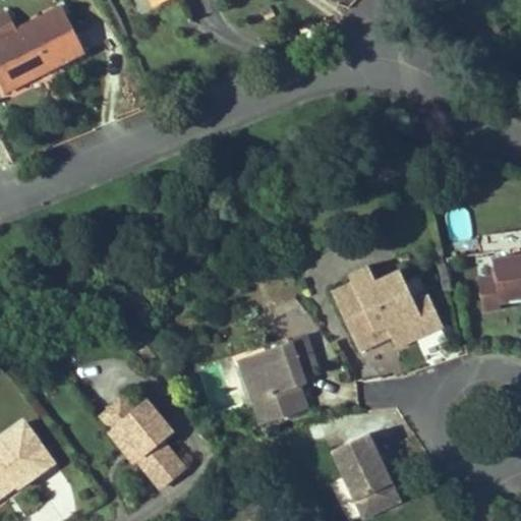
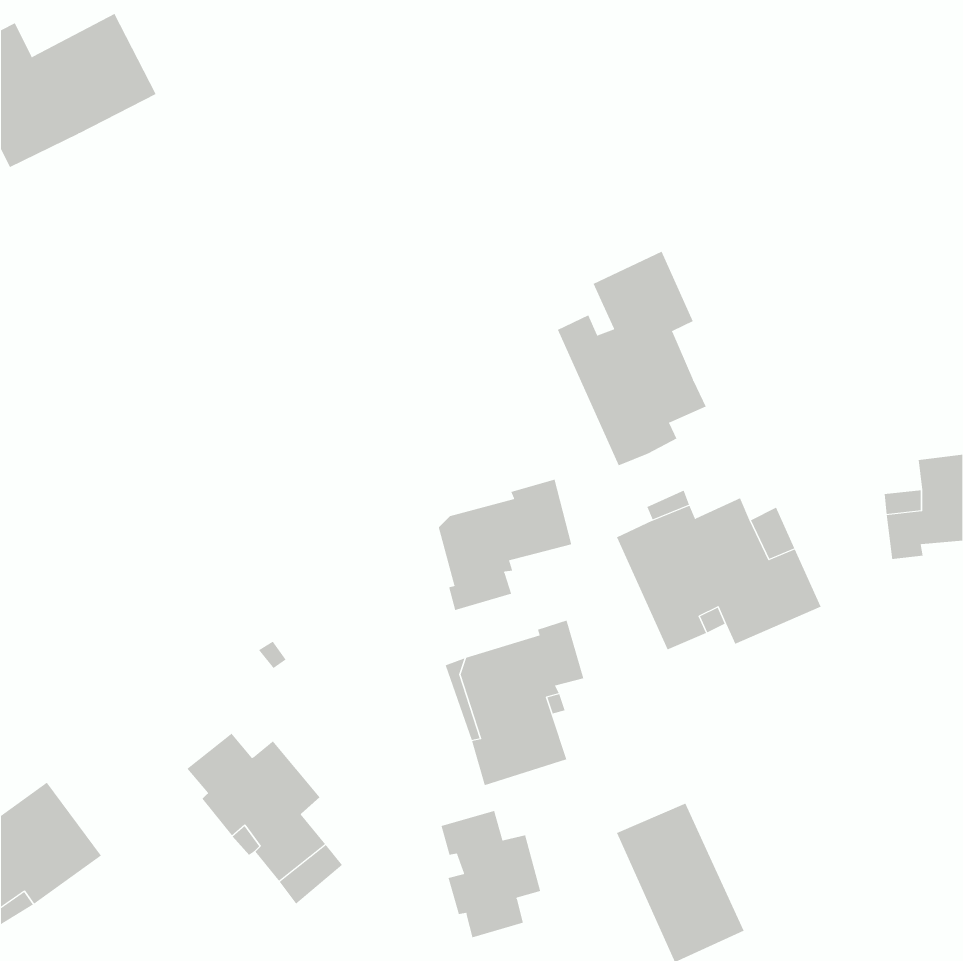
building: none -> [557,251,706,466]
building: none -> [438,479,572,611]
building: none -> [441,810,541,938]

